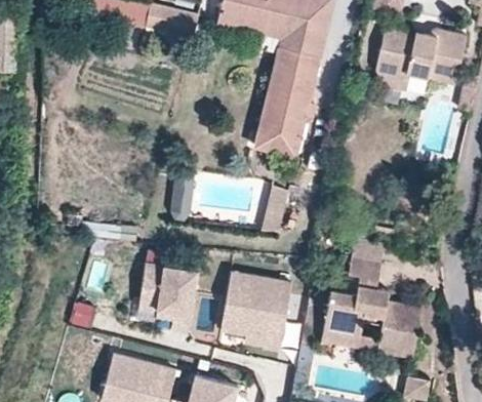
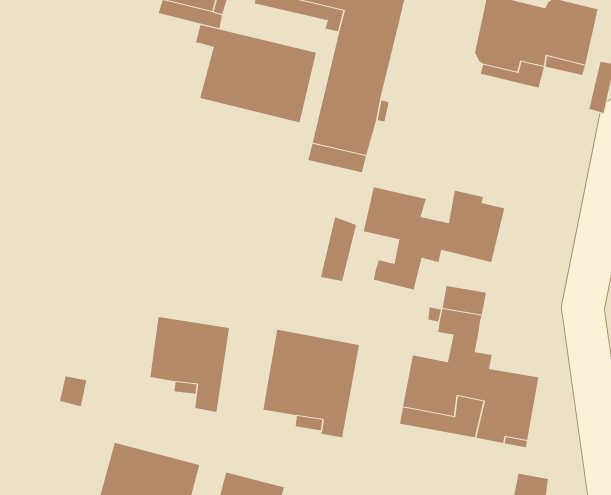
building: none -> [196,24,317,123]
building: none -> [363,186,505,290]
building: [171,171,196,224] -> none

